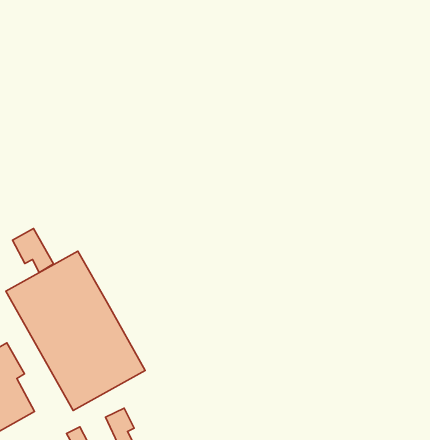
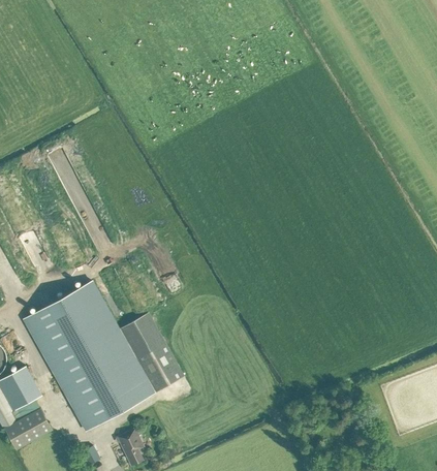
building: [12,228,53,272] -> none
building: none -> [119,313,183,392]

